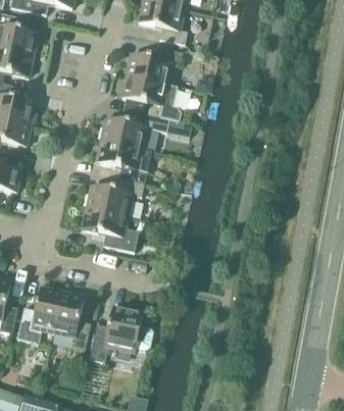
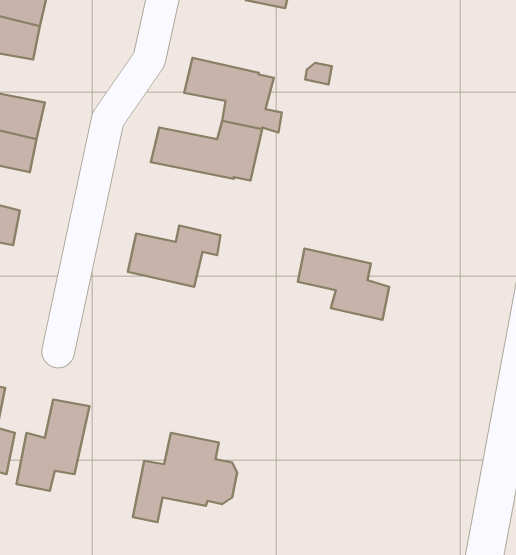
building: [127,46,183,84] -> none
building: [97,139,152,184] -> none
building: [83,206,139,250] -> [298,249,389,320]
building: [54,289,91,347] -> none

